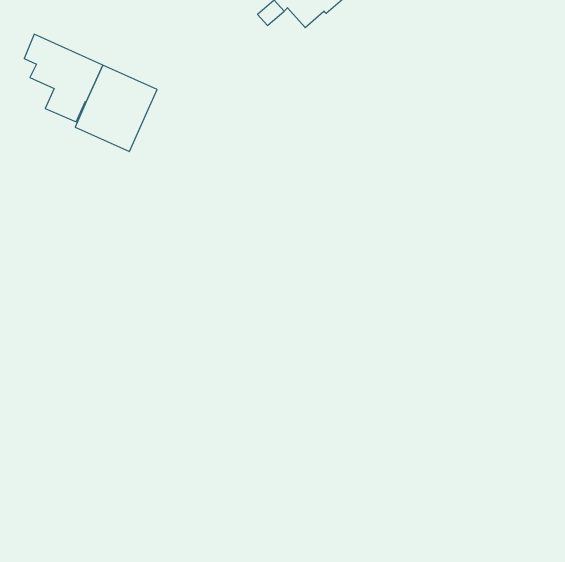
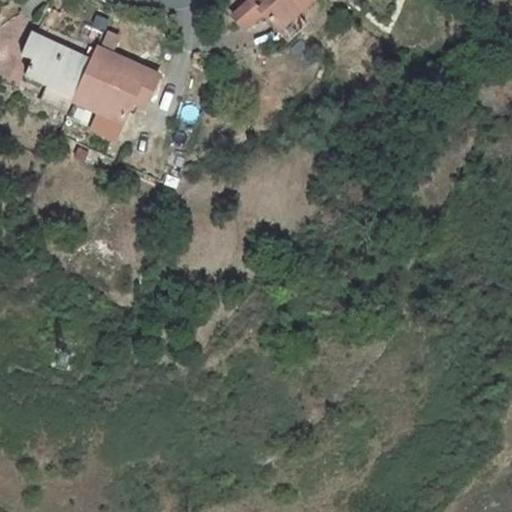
building: none -> [93,46,160,104]

